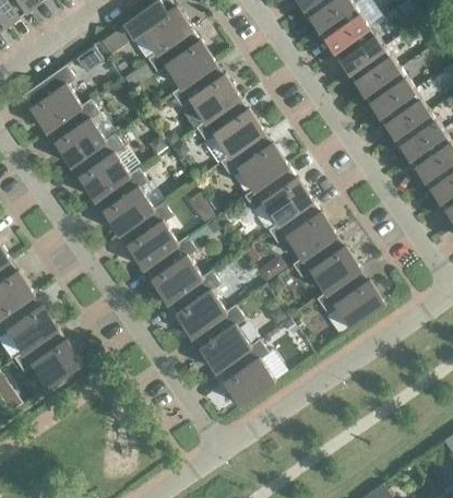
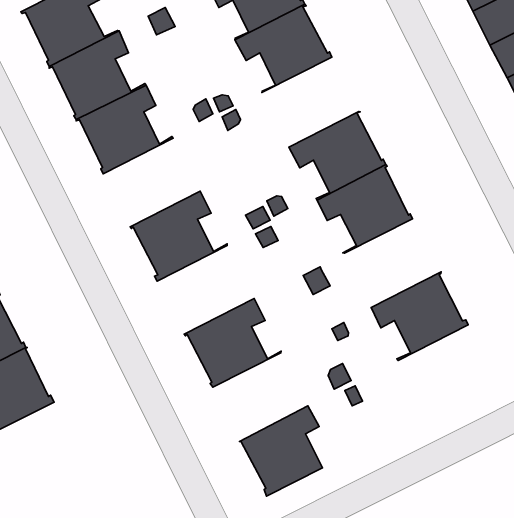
building: [195,98,264,165] -> none
building: [94,170,163,236] -> none
building: [269,202,337,268] -> none
building: [142,239,211,305] -> none
building: [317,270,385,331] -> none
building: [191,308,259,374] -> none

